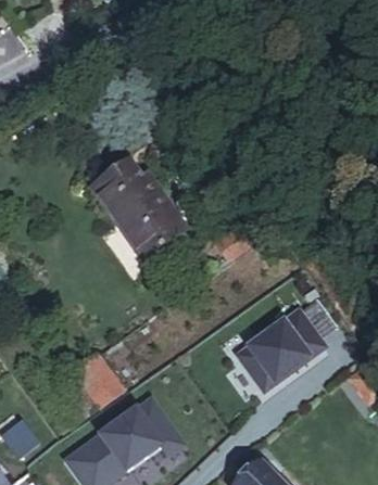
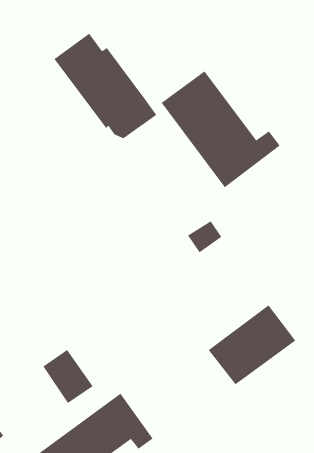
building: none -> [161,70,280,188]
building: [92,162,196,267] -> [54,33,157,139]

